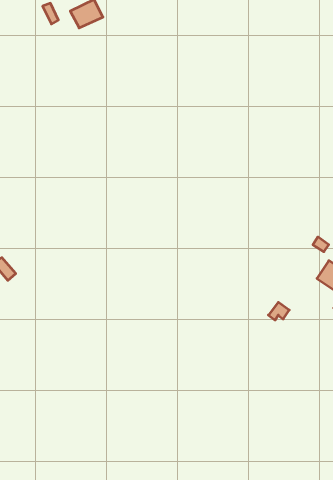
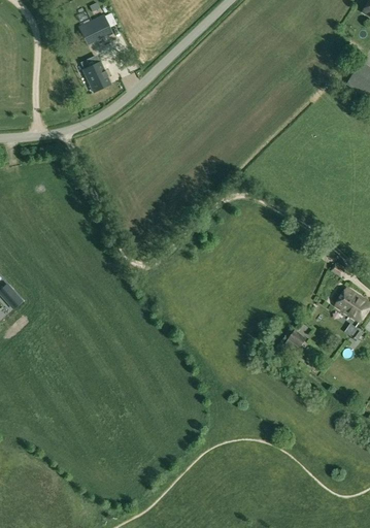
building: none -> [82,62,109,91]

